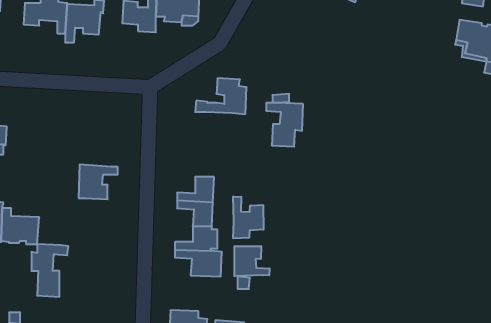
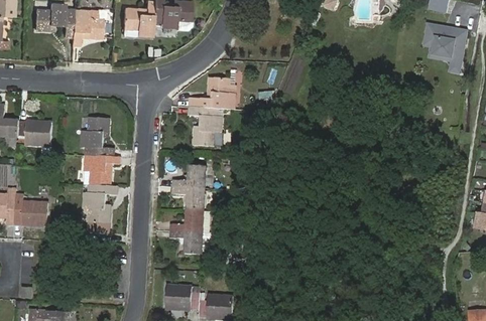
building: [266,103,303,147] -> [189,107,222,146]
building: none -> [81,117,113,156]
building: none -> [18,121,52,145]
building: [233,196,264,238] -> none
building: [31,244,68,297] -> [84,184,117,231]
building: [234,246,270,276] -> none

